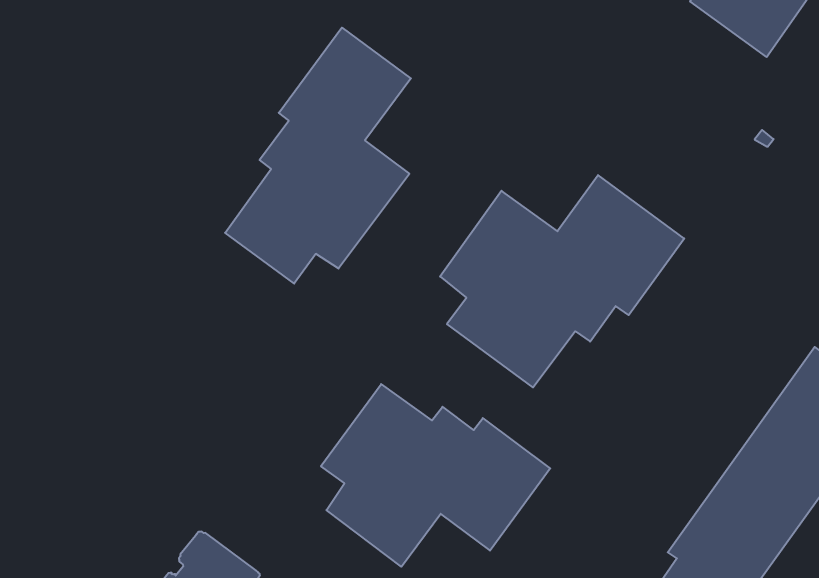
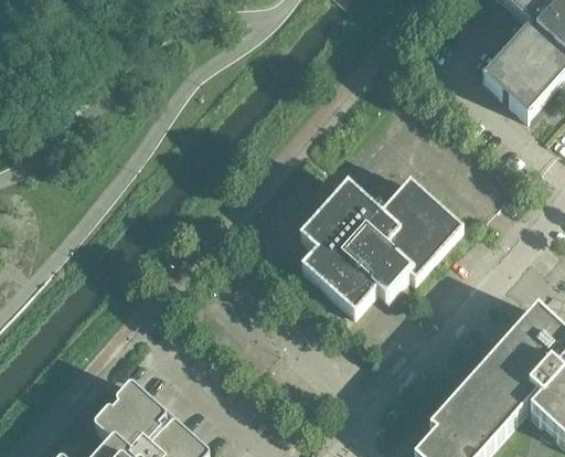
building: [225,28,411,284] -> none
building: [321,384,550,567] -> none

